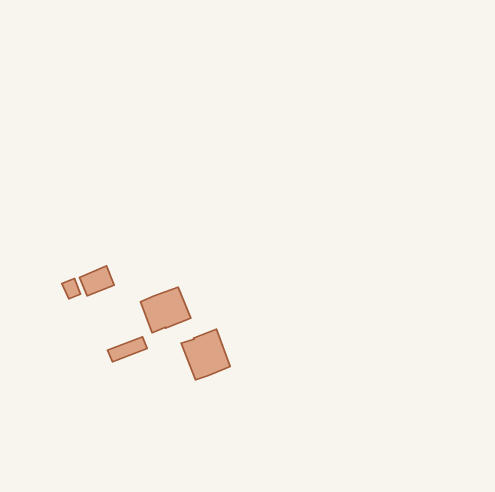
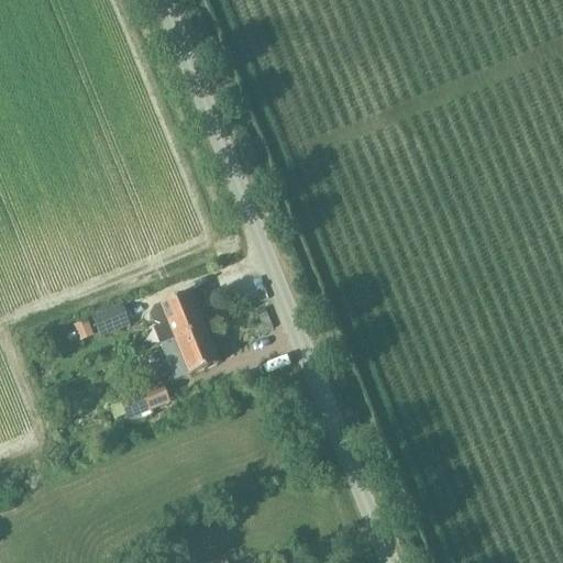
building: none -> [151,289,202,335]
building: [181,329,230,380] -> none

